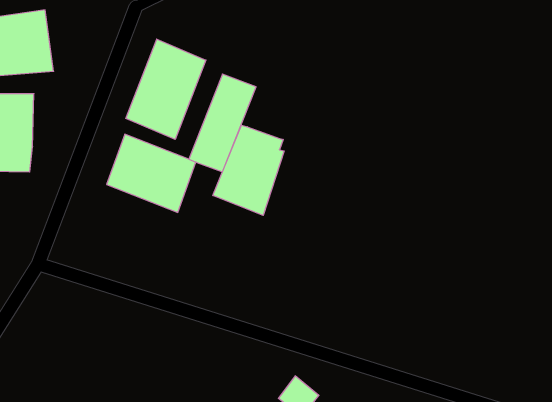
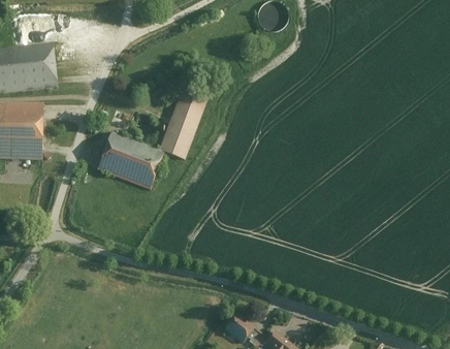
building: [126,39,206,139] -> none
building: [213,125,284,215] -> none

